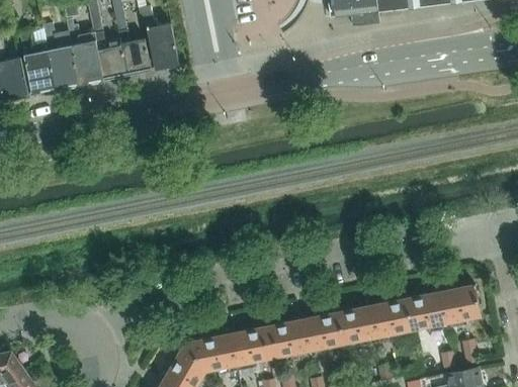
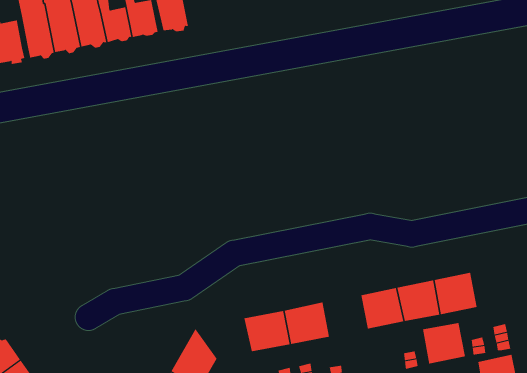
building: [440,285,481,323] -> [422,323,466,364]
building: [304,312,344,351] -> none
building: [185,333,237,371] -> none

